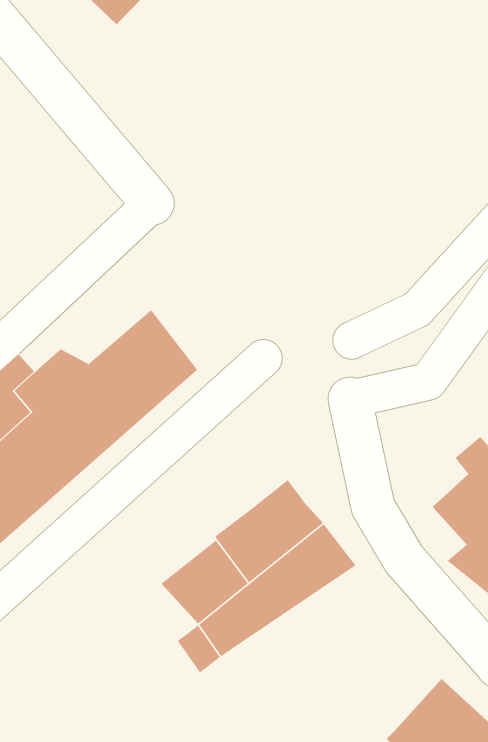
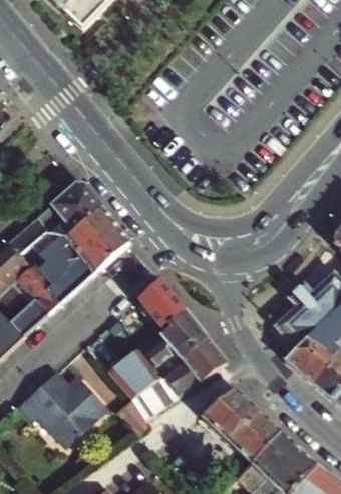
building: none -> [21,182,102,242]
building: none -> [139,277,187,327]
building: none -> [16,372,106,448]
building: none -> [200,387,281,463]

